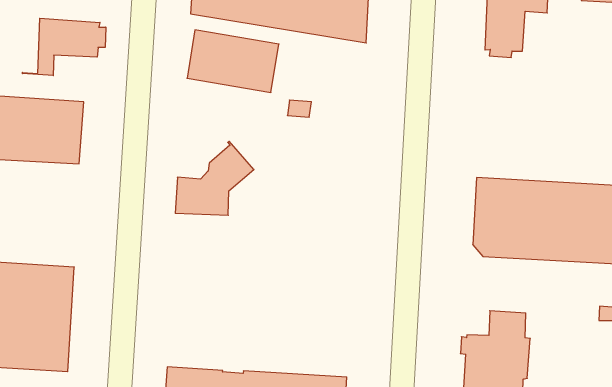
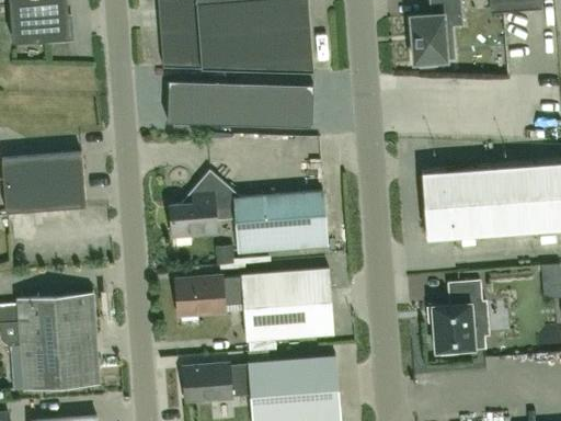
building: [22,18,106,76] -> none
building: none -> [239,83,312,127]
building: none -> [234,193,328,254]
building: none -> [175,270,334,342]

